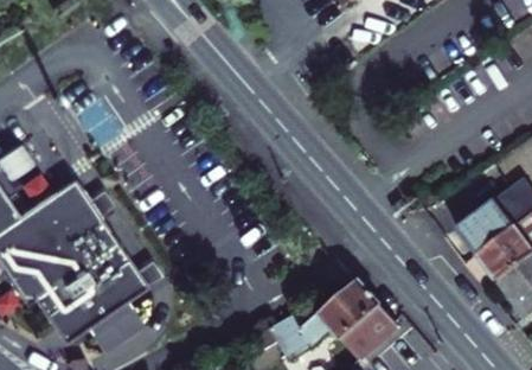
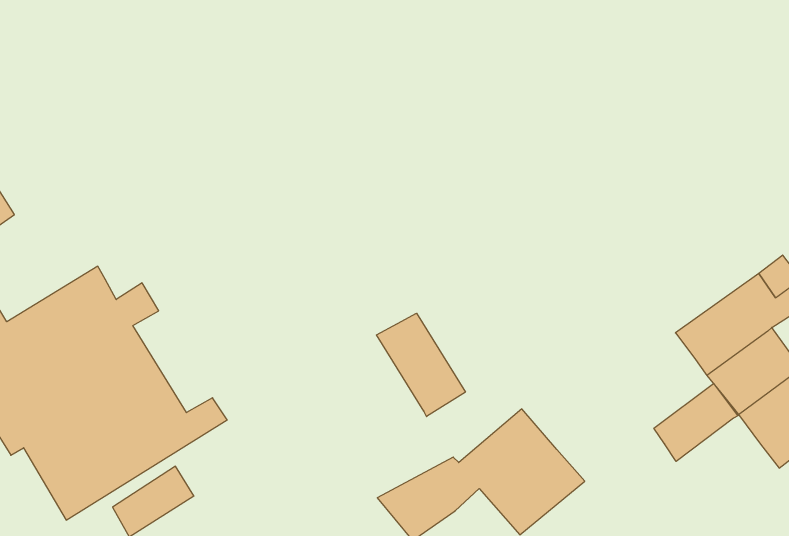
building: none -> [376,313,465,417]
building: none -> [654,383,738,461]

